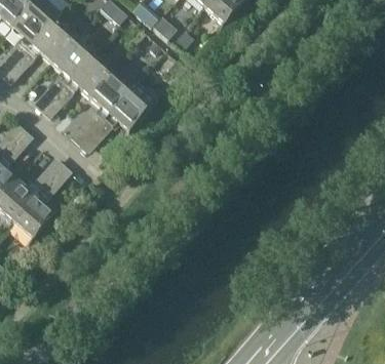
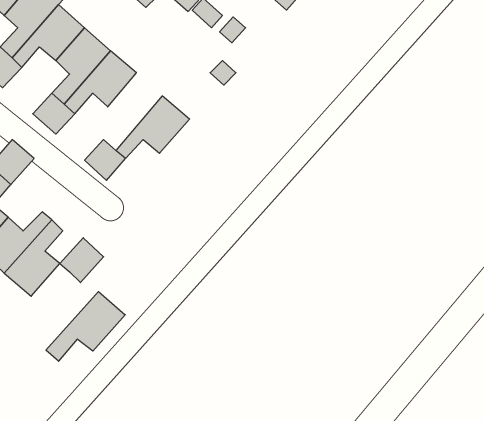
building: [86,70,130,128] -> none
building: [40,155,73,189] -> [60,238,104,283]
building: none -> [46,292,125,361]

